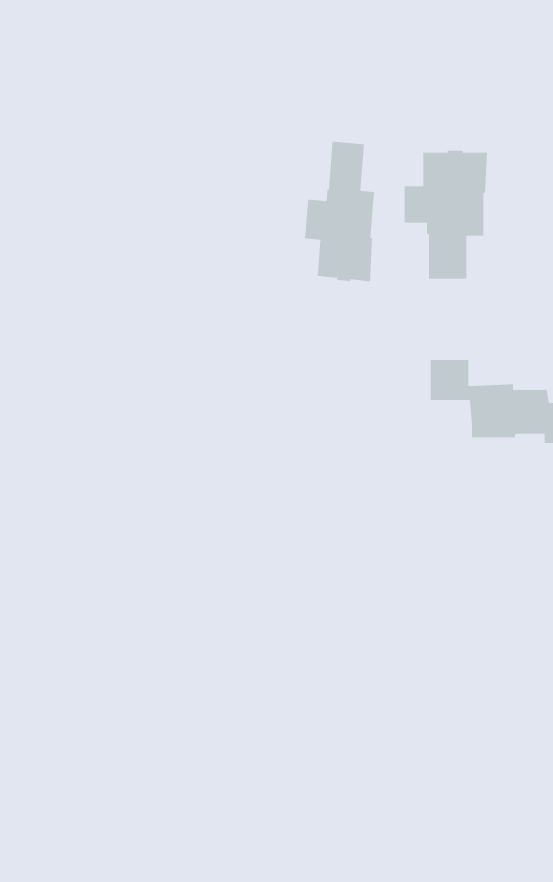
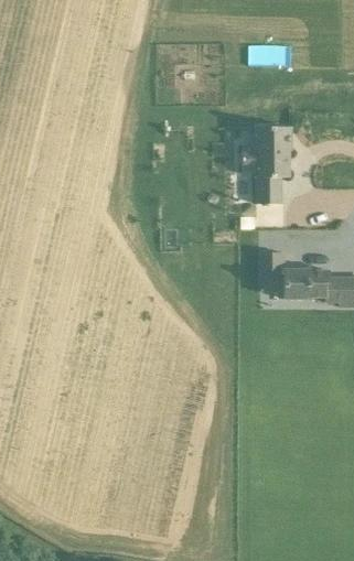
building: [305,141,375,282] -> none

